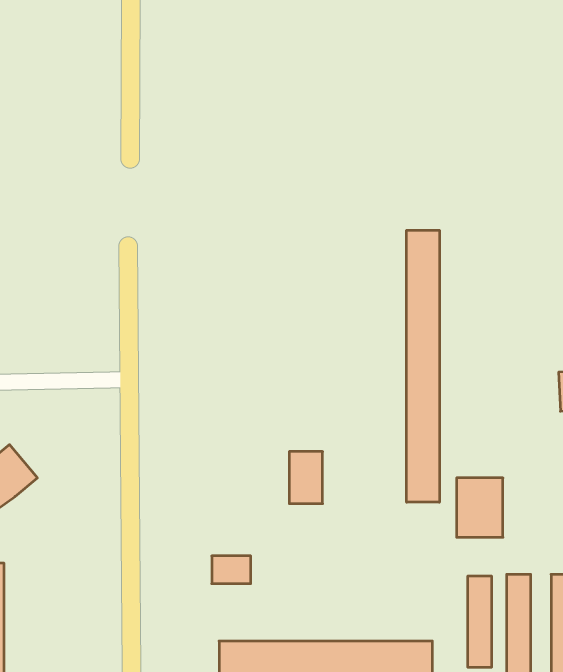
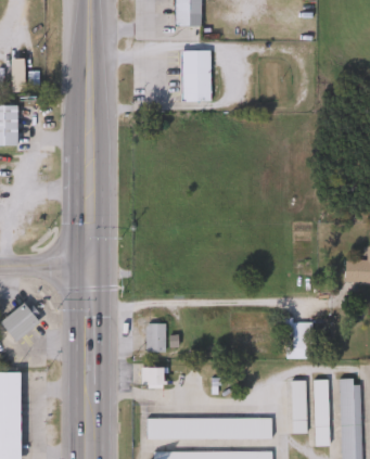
building: none -> [181,50,212,100]
building: [407,230,439,502] -> none
building: [289,452,323,504] -> [146,322,166,353]

